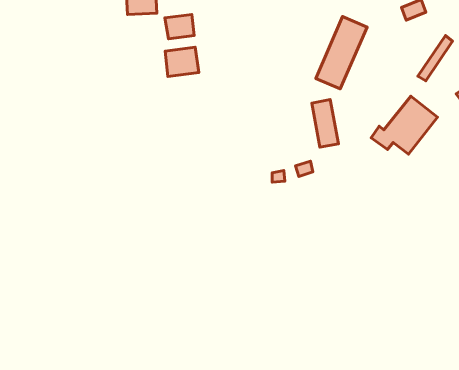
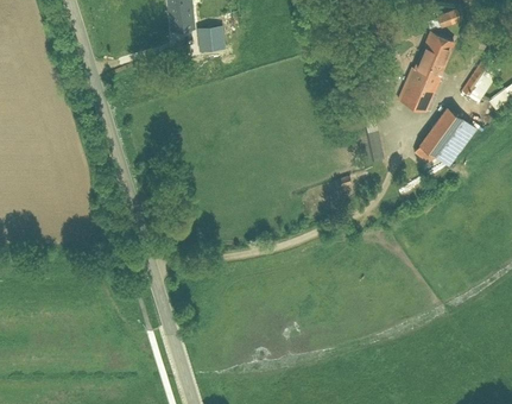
building: [316,17,367,89] -> [402,33,454,107]
building: [165,47,199,76] -> none

